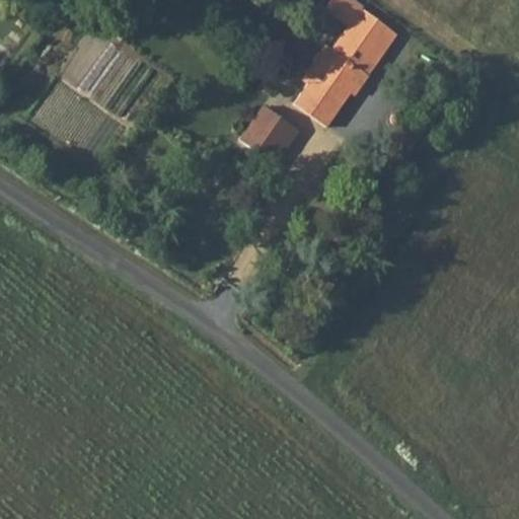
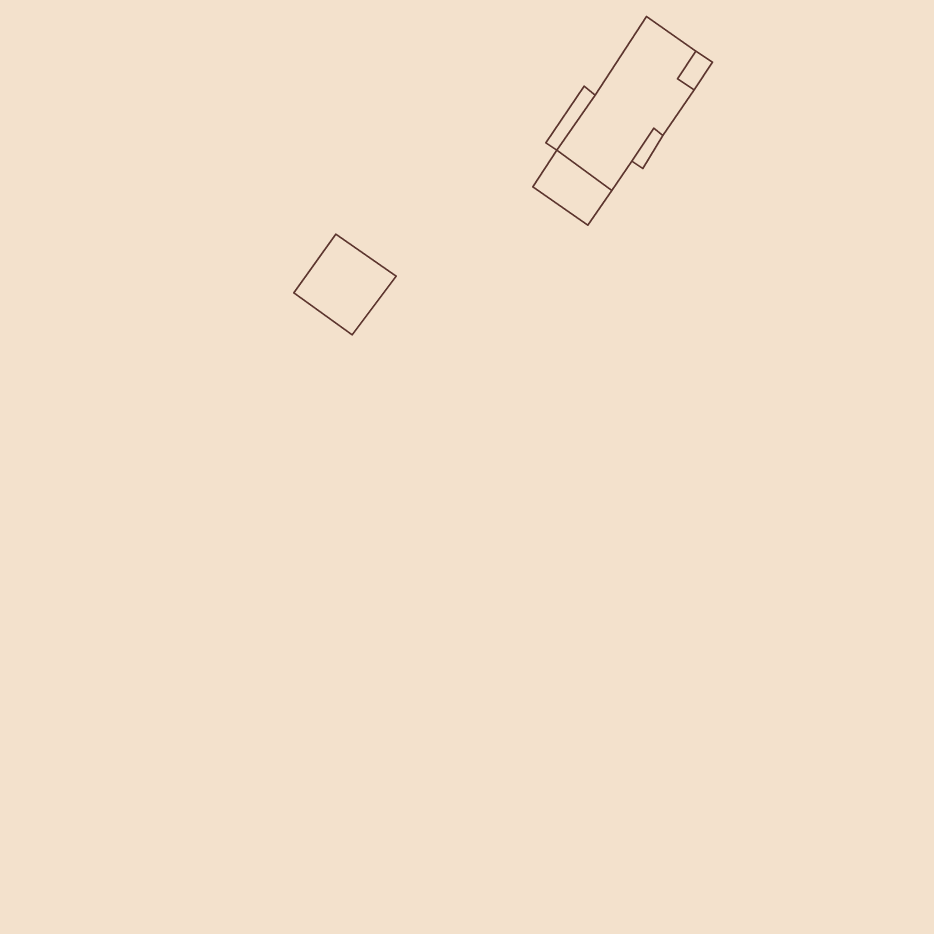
building: [239,103,296,159] -> [294,234,396,335]

